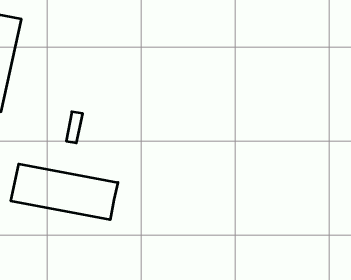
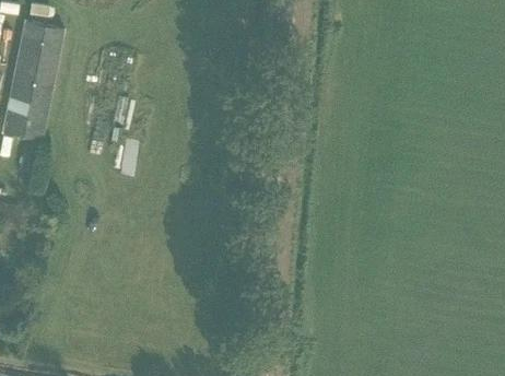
building: [11,164,118,220] -> none

